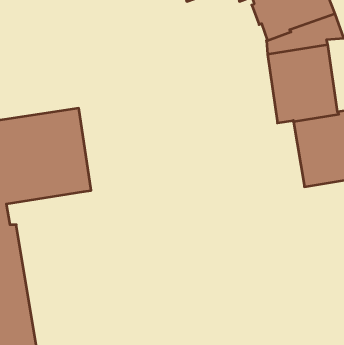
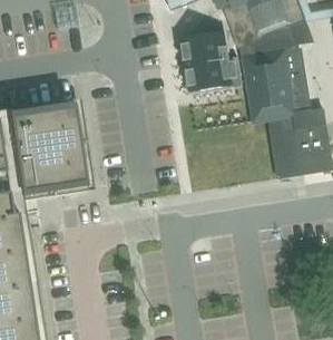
building: none -> [183,28,243,90]

